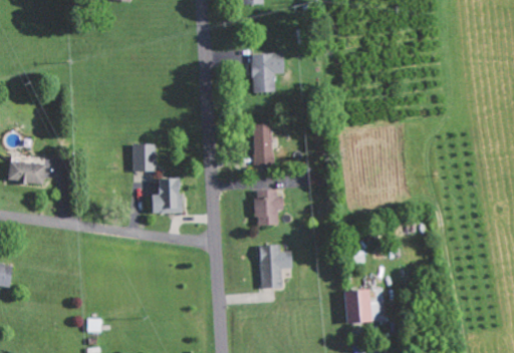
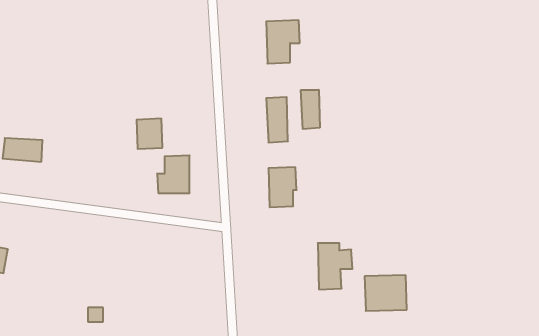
building: none -> [301,90,320,129]
building: [260,245,292,288] -> [318,243,352,289]

